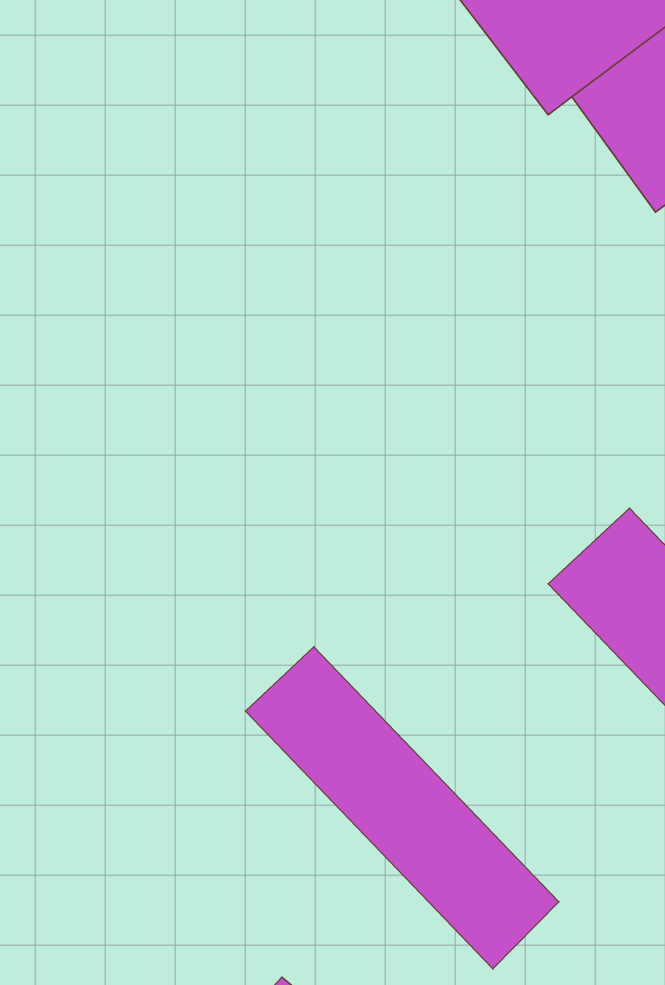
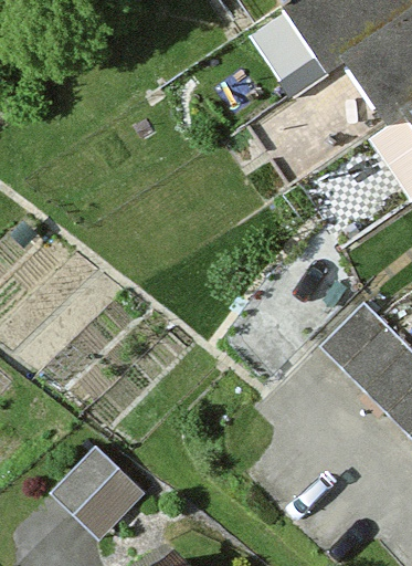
building: [245,647,559,969] -> none
building: none -> [50,461,144,555]

